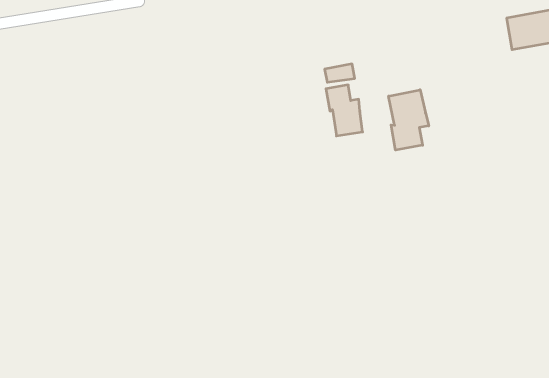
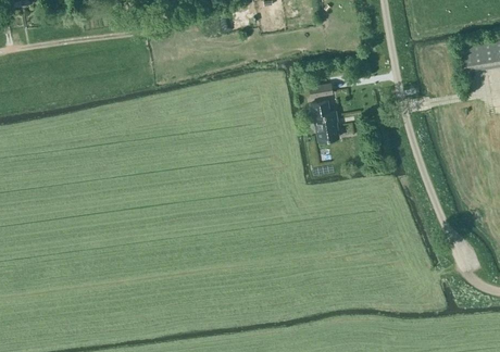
building: [389,90,429,150] -> none

